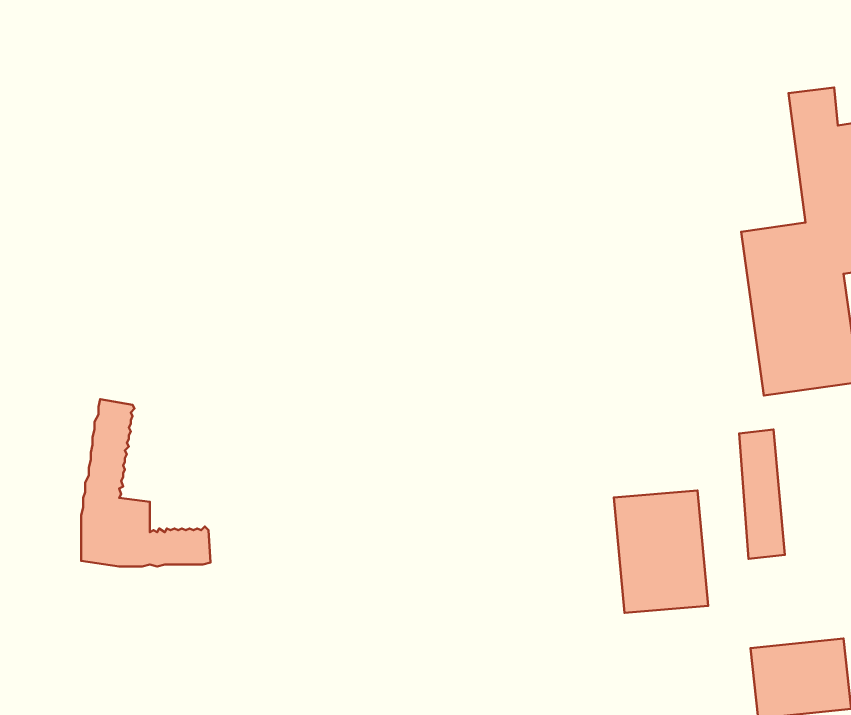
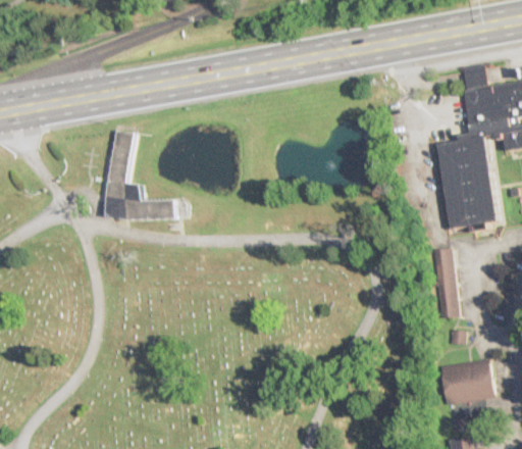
building: [81,399,211,566] -> [106,130,175,219]
building: [614,490,708,613] -> none

